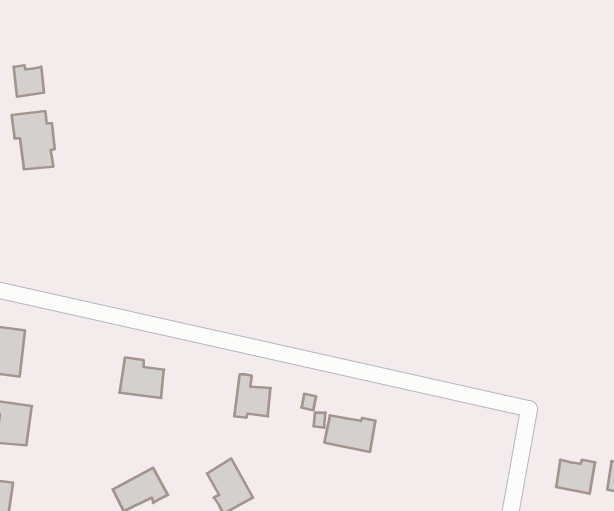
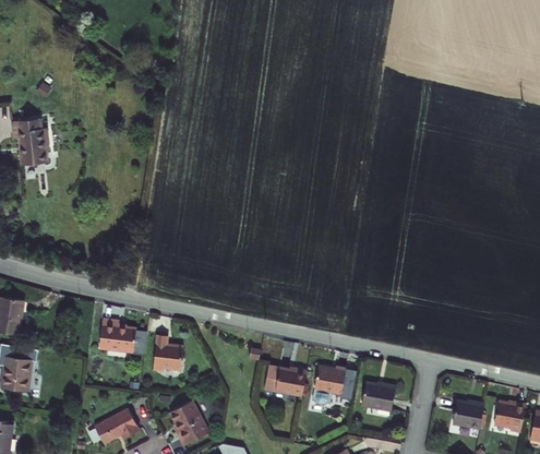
building: [14,65,44,97] -> none
building: [234,375,271,418] -> [154,335,183,370]
building: none -> [313,367,345,406]
building: none -> [362,383,395,411]

